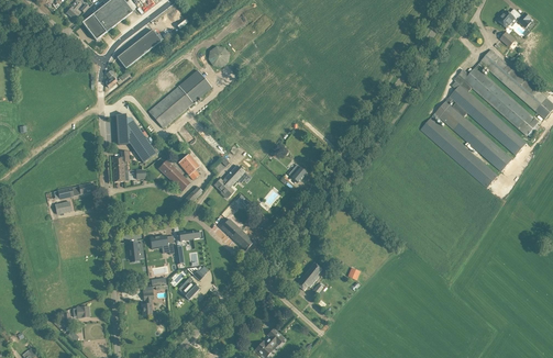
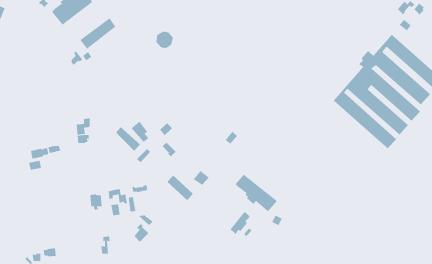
building: [148,69,211,127] -> none
building: [115,114,155,163] -> none
building: none -> [235,174,278,212]

